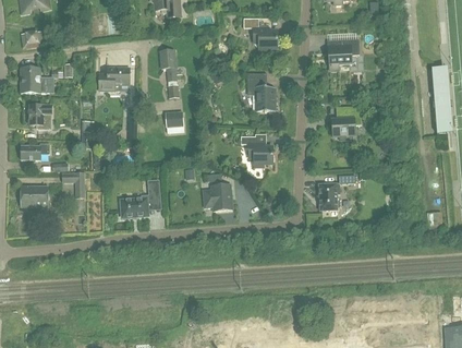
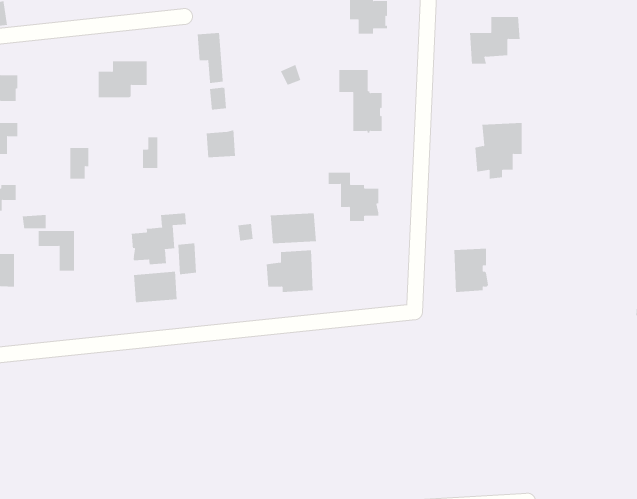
building: none -> [270,212,316,244]
building: none -> [131,212,186,265]

